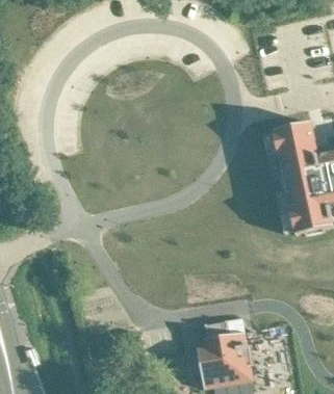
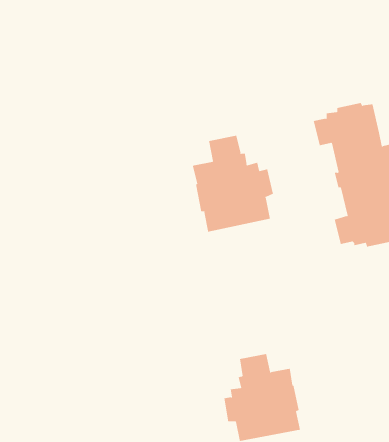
building: none -> [192,135,273,232]

